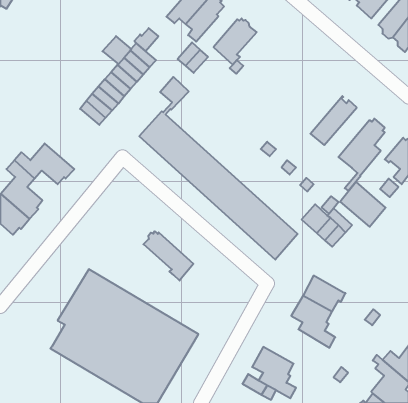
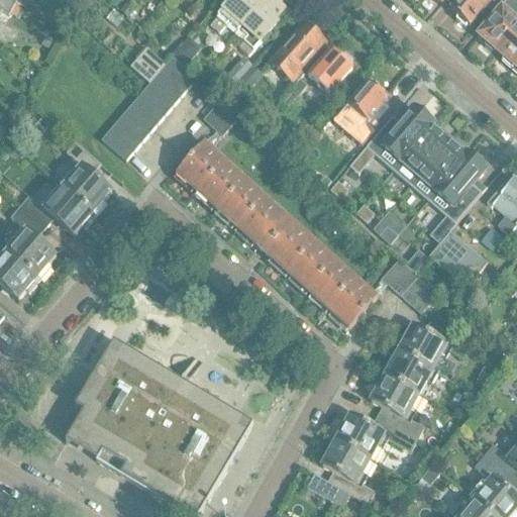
building: none -> [309,46,353,91]
building: none -> [333,78,393,141]
building: none -> [349,105,434,169]
building: none -> [410,135,468,198]
building: none -> [58,138,112,213]
building: [143,231,193,281] -> none
building: none -> [397,320,471,375]
building: none -> [333,411,417,458]

